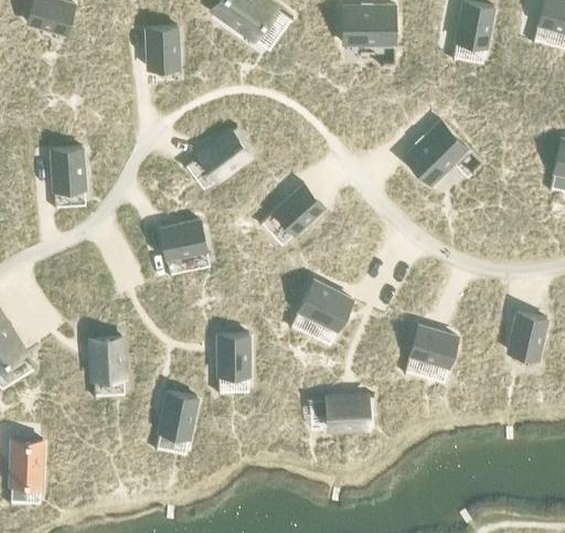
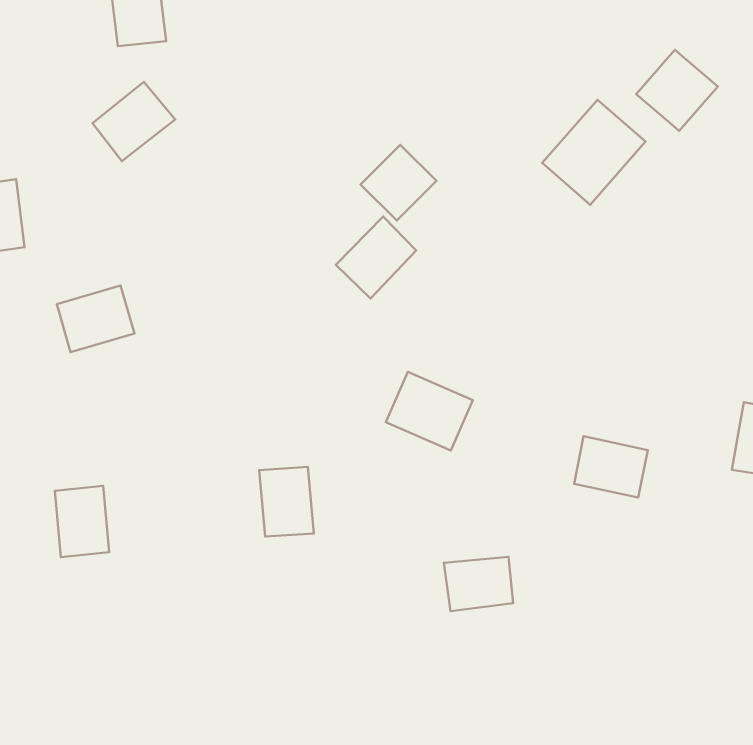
building: none -> [636,50,718,131]
building: [200,134,250,181] -> [92,82,175,161]
building: none -> [361,145,436,220]
building: [160,223,206,262] -> [57,286,134,352]
building: [159,394,198,440] -> none

